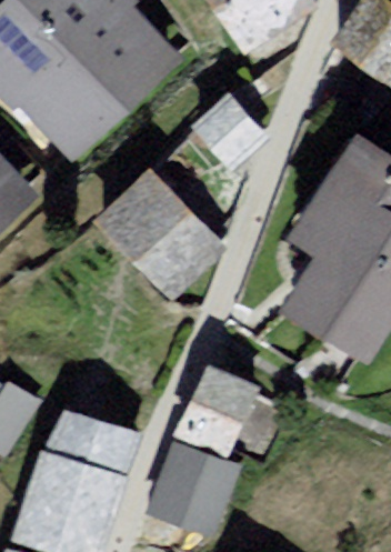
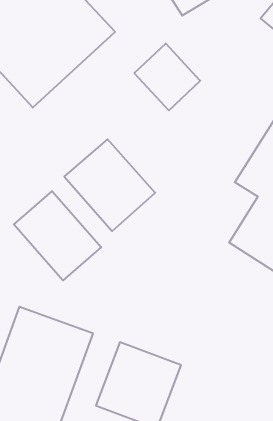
building: none -> [14,191,101,280]
building: [178,353,263,448] -> none

